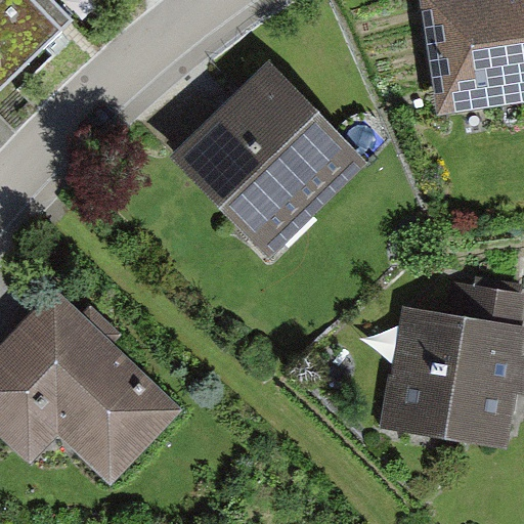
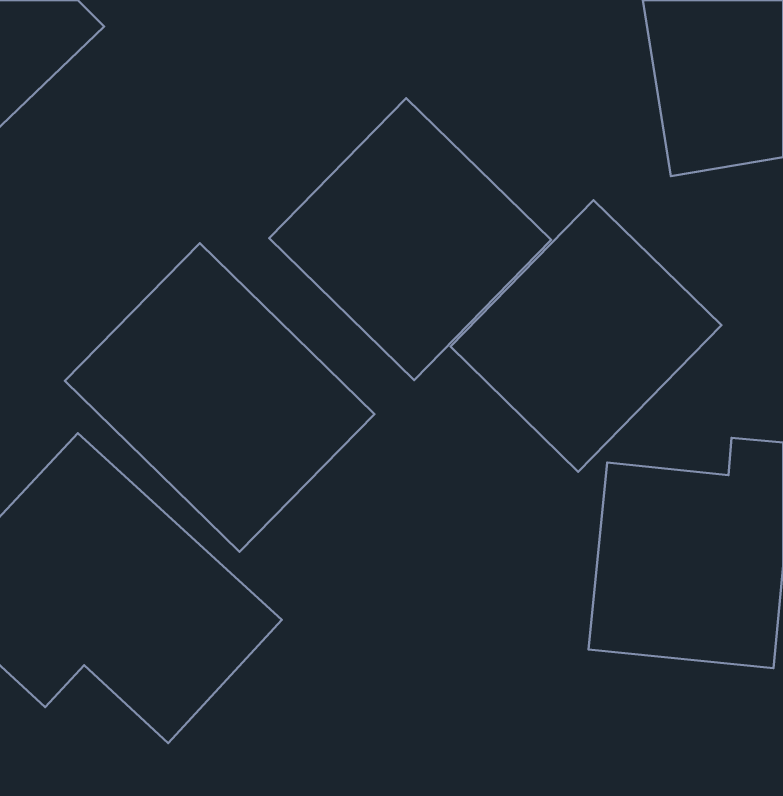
building: none -> [450,200,722,472]
building: none -> [65,243,375,552]

